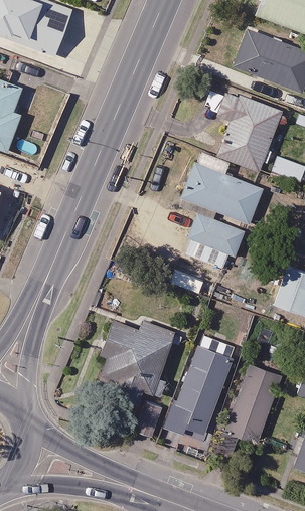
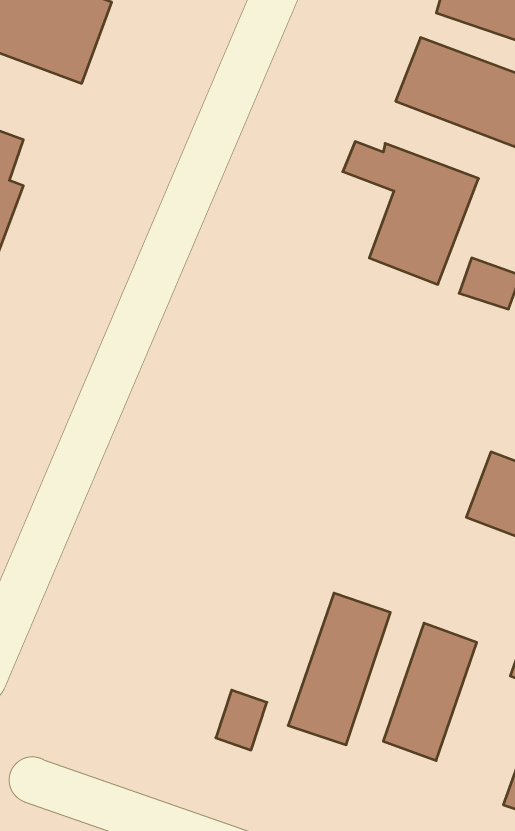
building: [179,164,262,268] -> none
building: [91,321,173,400] -> none

